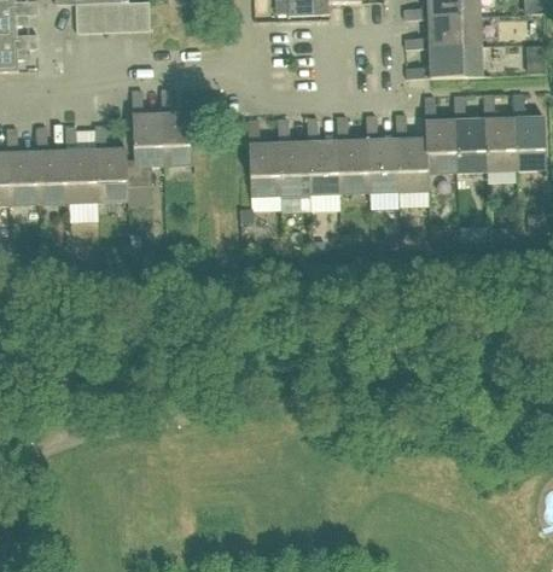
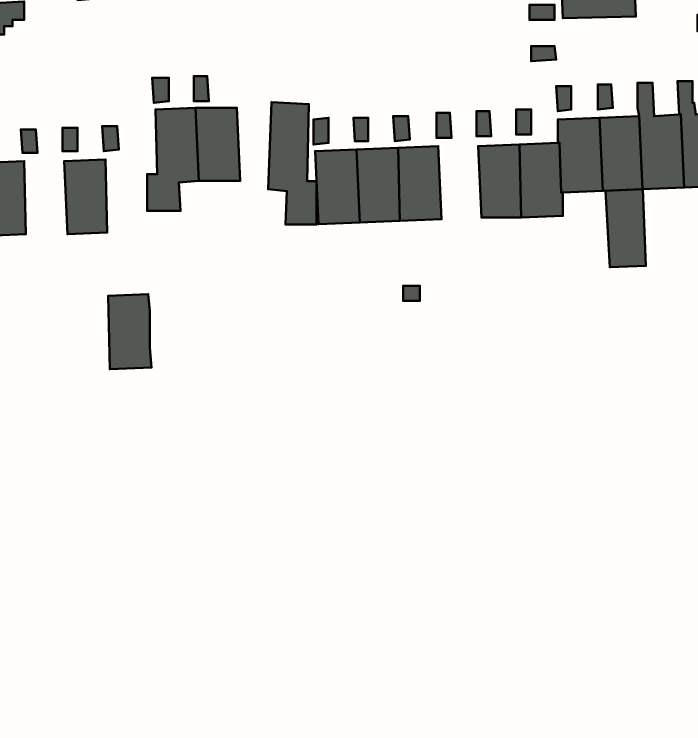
building: [429,45,483,76] -> none
building: none -> [268,102,316,225]
building: [338,139,369,192] -> none
building: [97,147,128,202] -> [108,294,152,369]
building: [37,150,69,203] -> none
building: none -> [605,189,646,267]

